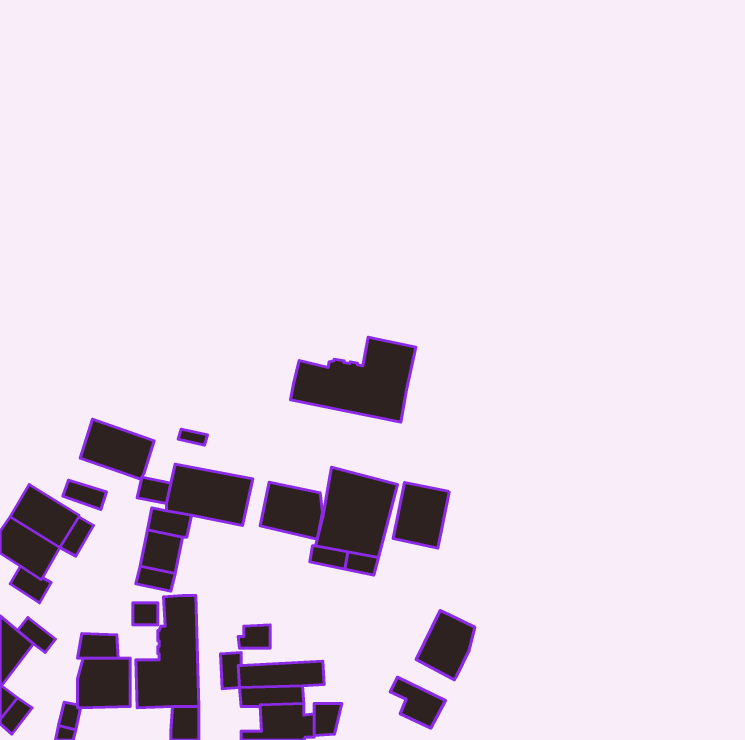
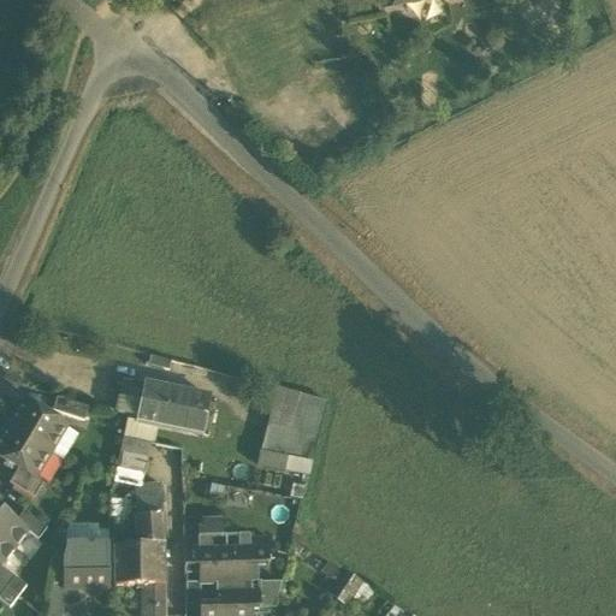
building: [291,337,416,422] -> none
building: [80,419,154,479] -> none
building: [260,482,323,539] -> none
building: [393,482,449,548] -> none
building: [416,610,475,680] -> none

